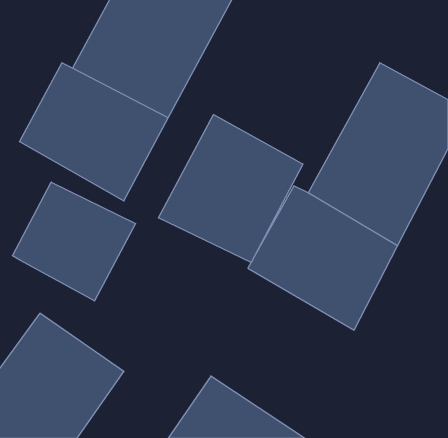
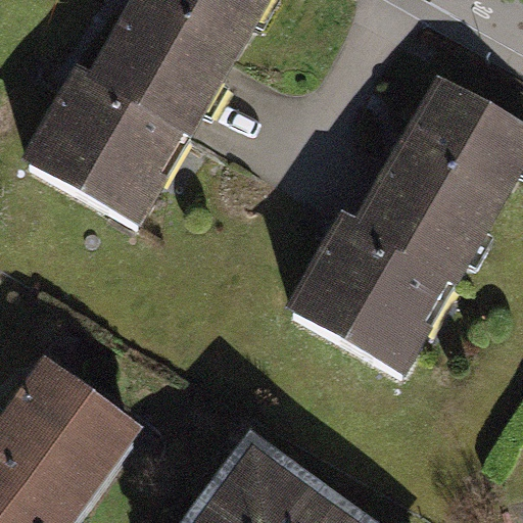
building: [158,115,303,262] -> none
building: [12,182,136,301] -> none

